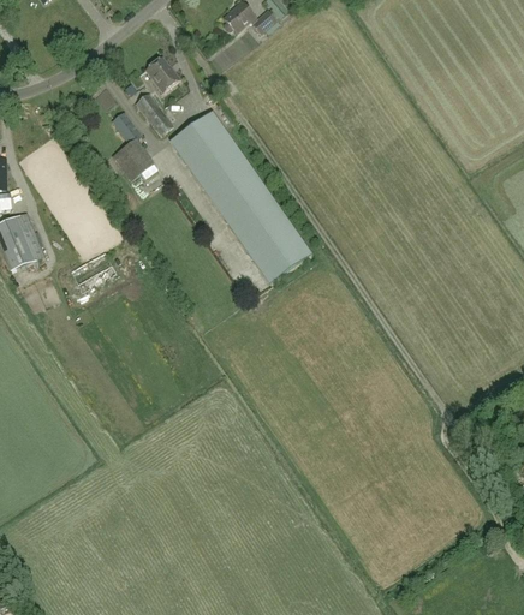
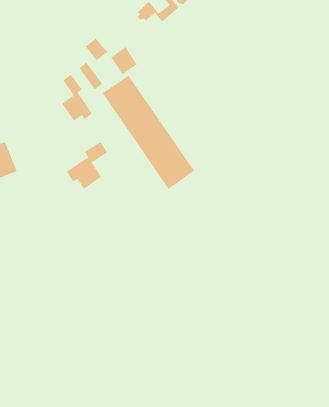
building: none -> [111,46,137,75]
building: none -> [66,141,108,189]

